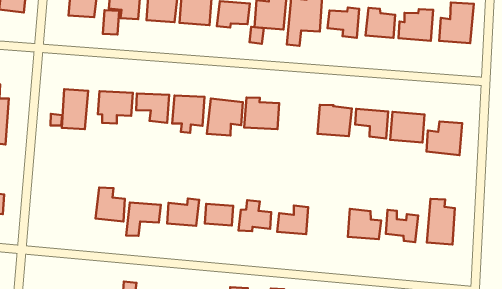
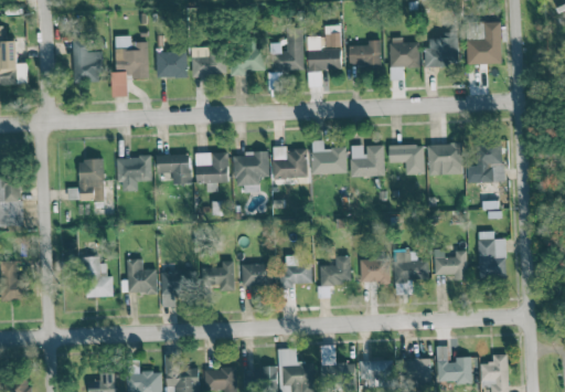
building: none -> [310,140,347,173]
building: none -> [84,256,114,297]
building: none -> [360,258,390,283]

